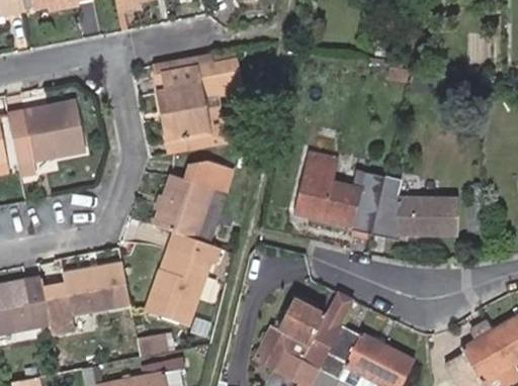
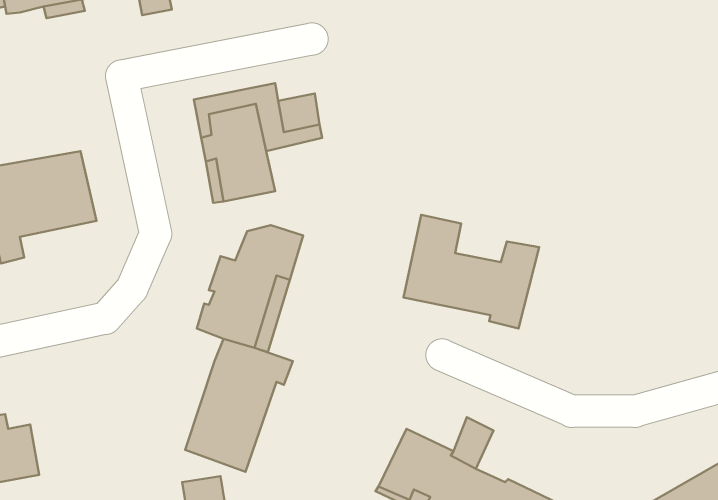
building: [373,172,453,230] -> none
building: [39,268,126,340] -> none

